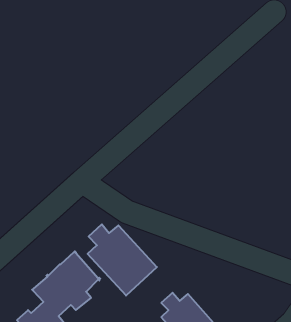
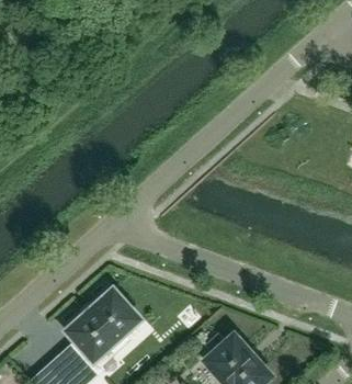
building: [88,224,157,296] -> none

